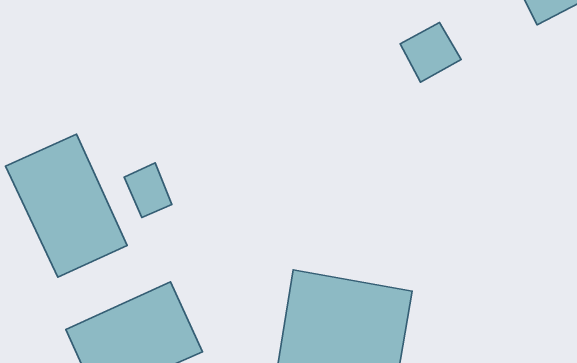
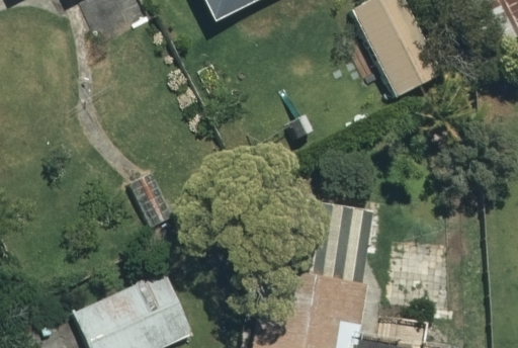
building: [6,134,127,277] -> none

